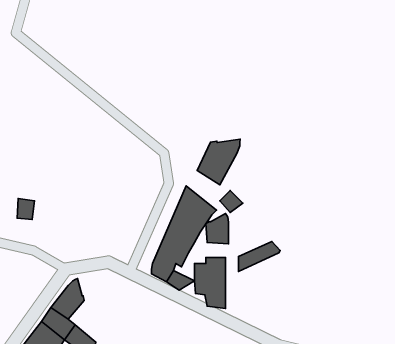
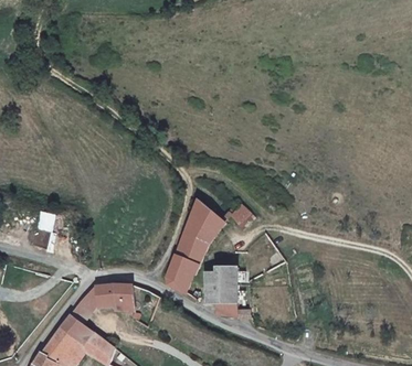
building: [197,139,240,185] -> none
building: [206,214,229,244] -> none
building: none -> [95,283,136,312]

